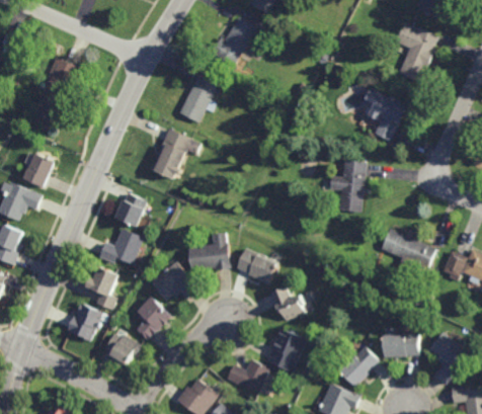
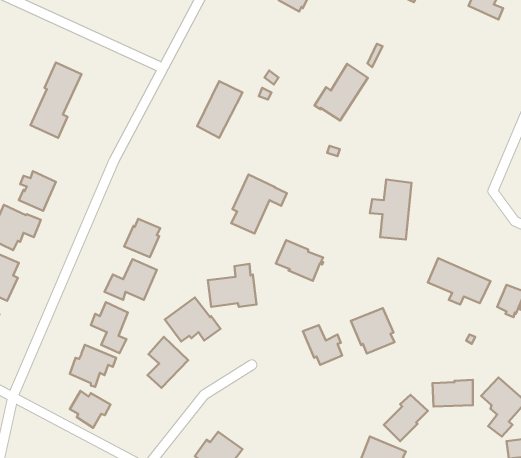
building: [210,16,256,66] -> [315,64,368,121]
building: [394,22,436,81] -> none
building: [364,88,406,141] -> none
building: [153,128,202,179] -> [231,175,287,234]
building: [236,248,277,283] -> [276,240,323,281]
building: none -> [351,308,395,353]
building: [267,328,307,372] -> none
building: [104,333,140,365] -> [70,391,111,428]
building: [227,360,269,394] -> none

